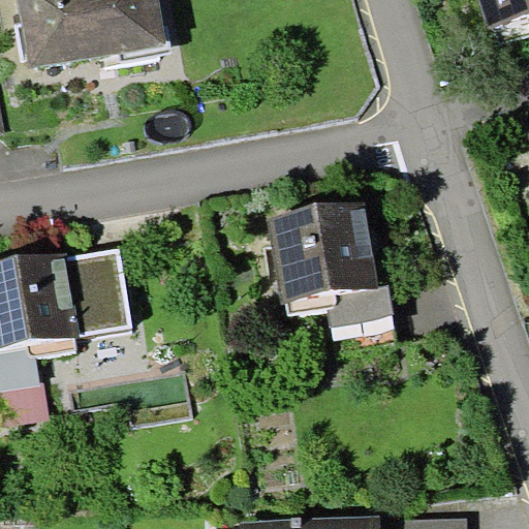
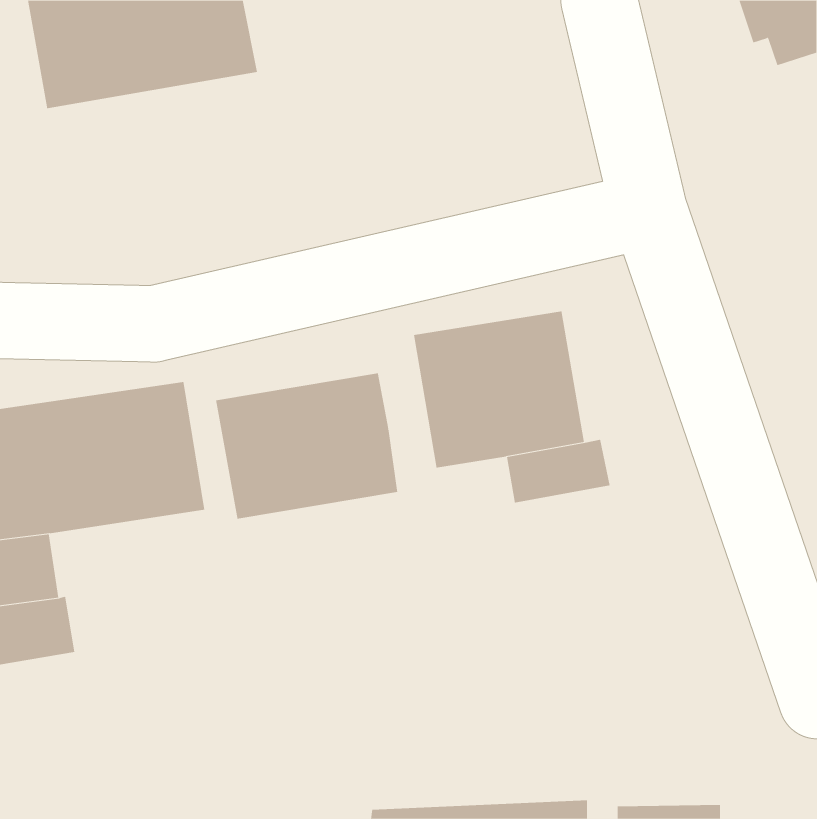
building: none -> [216,372,398,520]

